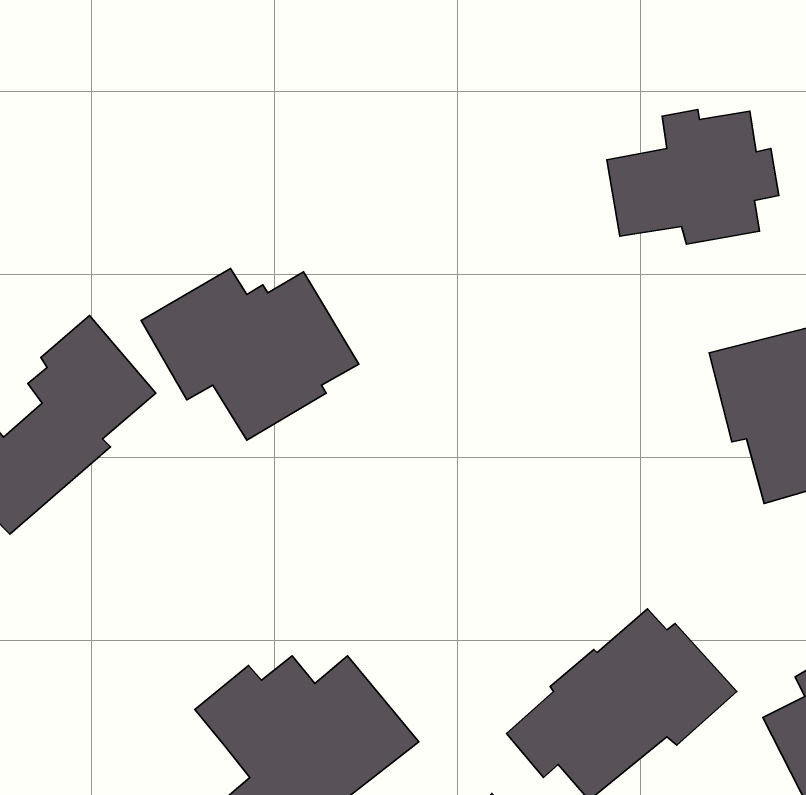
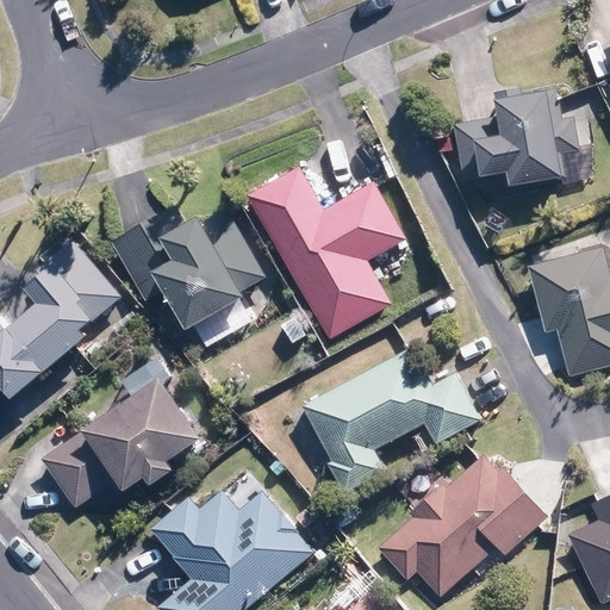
building: none -> [247,167,406,338]
building: none -> [301,347,481,494]
building: none -> [41,378,204,508]

